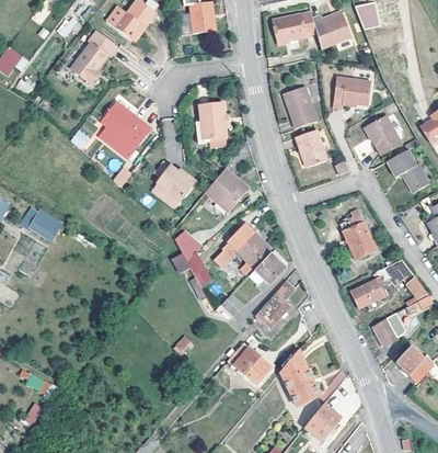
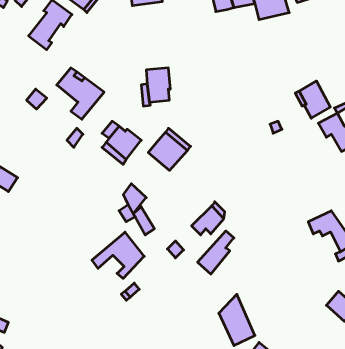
building: [332,80,372,113] -> none
building: [284,86,318,127] -> none
building: [296,128,326,165] -> none
building: [339,207,377,259] -> none
building: [212,222,269,272] -> [92,232,144,278]
building: [351,278,383,307] -> none
building: [373,310,406,346] -> none
building: [227,342,270,384] -> none

